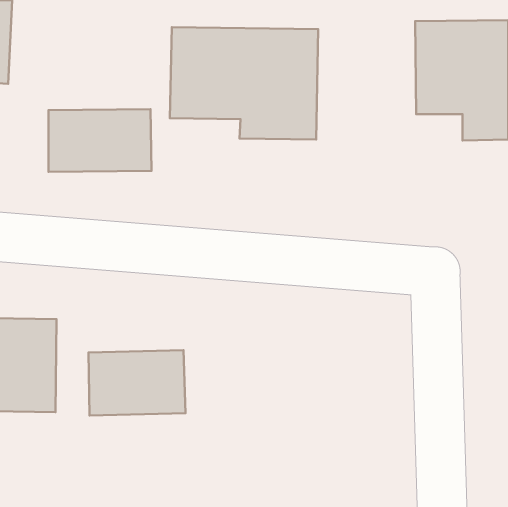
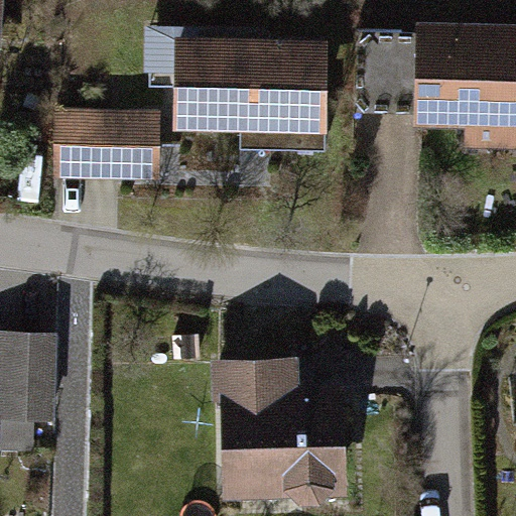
building: [88,350,186,415] -> none
building: none -> [224,364,350,492]

